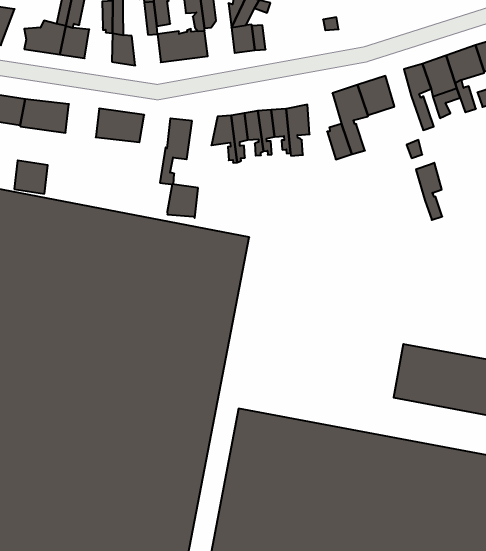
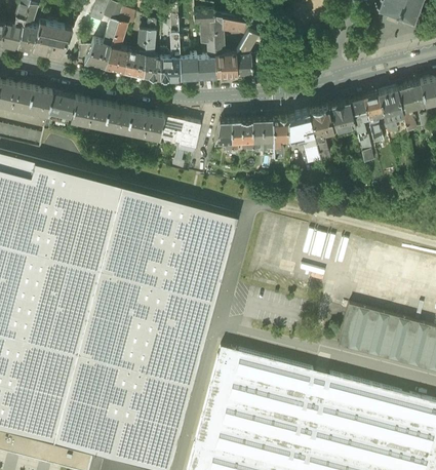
building: none -> [214,53,236,76]
building: none -> [122,49,145,75]
building: none -> [159,56,180,79]
building: none -> [288,111,313,141]
building: [14,160,48,194] -> [104,105,130,131]
building: [416,163,442,220] -> [349,96,367,140]
building: [167,184,198,218] -> [159,117,184,144]

